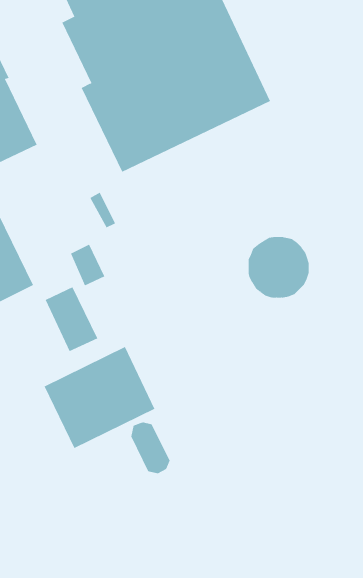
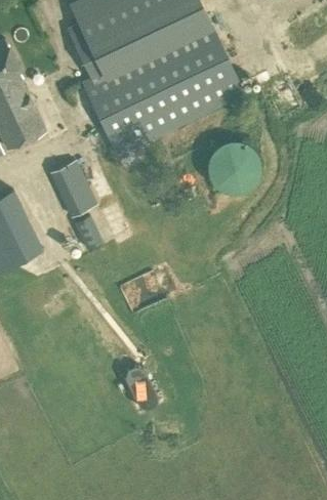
building: [248,236,309,298] -> [209,142,261,195]
building: [45,286,98,352] -> [50,160,95,215]
building: [44,346,155,449] -> none

